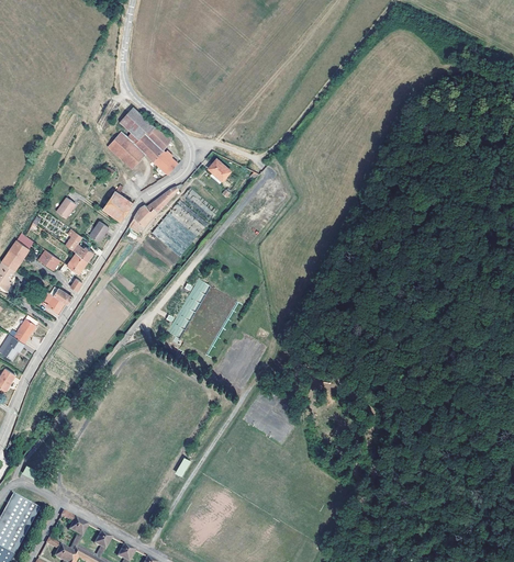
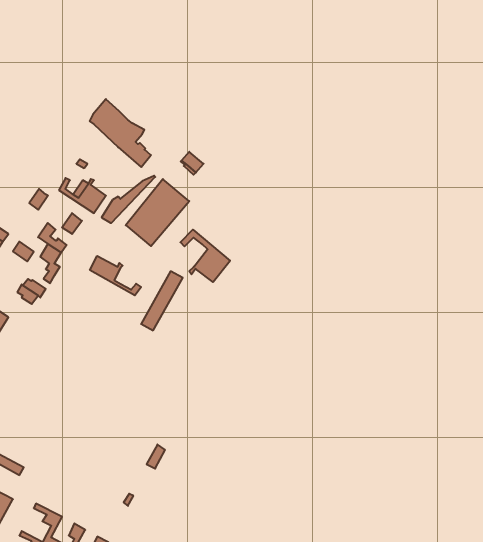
building: [107,133,144,170] -> none
building: none -> [180,230,230,282]
building: none -> [90,256,141,295]

